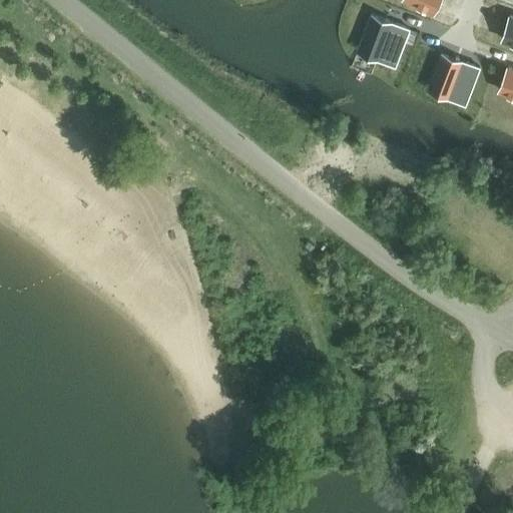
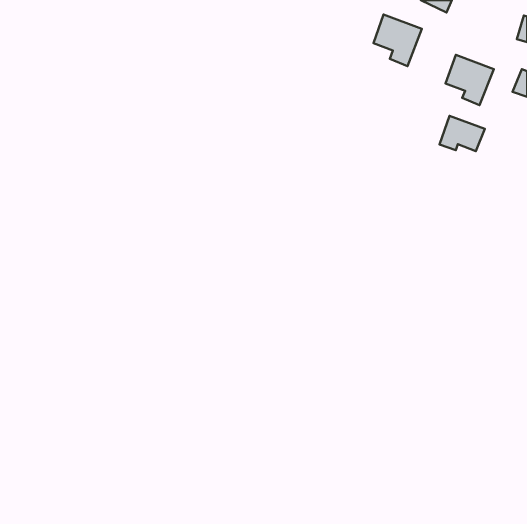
building: none -> [440,116,485,151]

